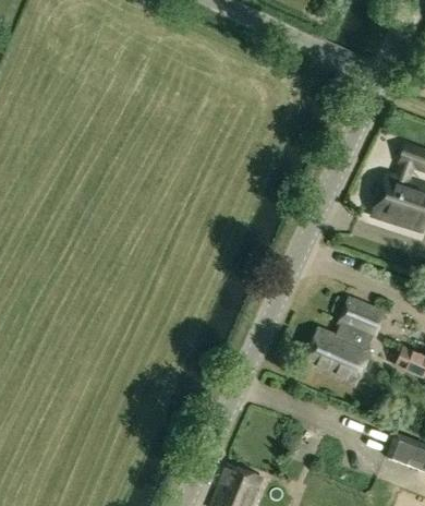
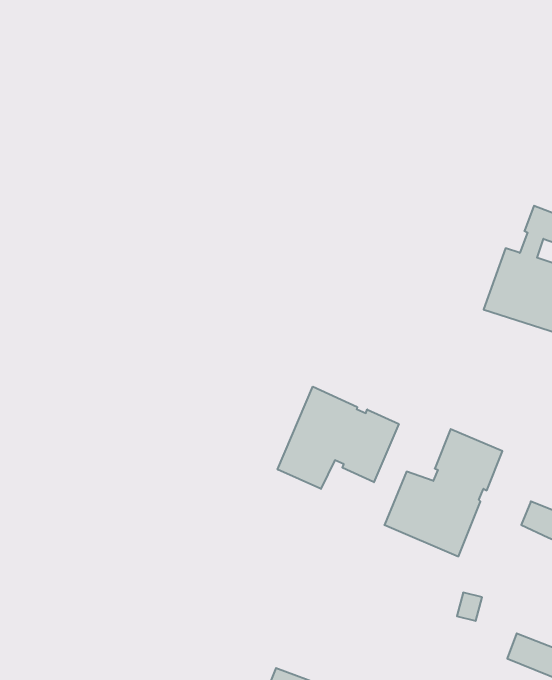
building: none -> [278,387,399,489]

